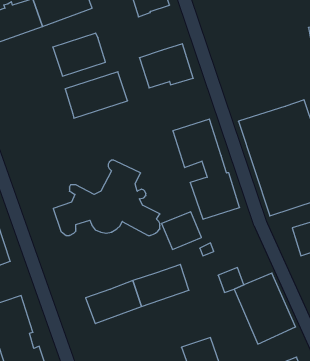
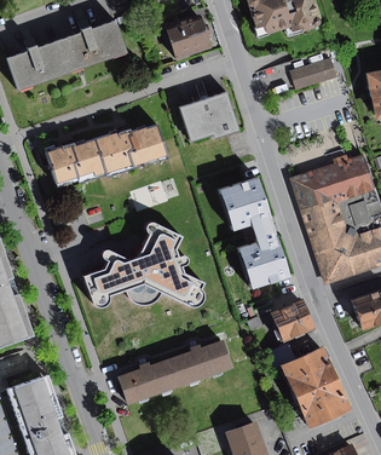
building: none -> [289,57,337,90]
building: [53,33,105,76] -> [44,137,103,185]
building: [162,212,201,249] -> [271,299,316,341]

